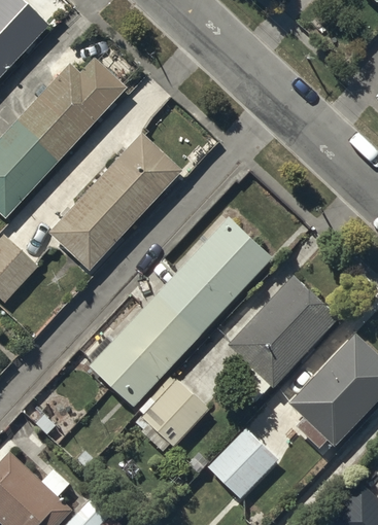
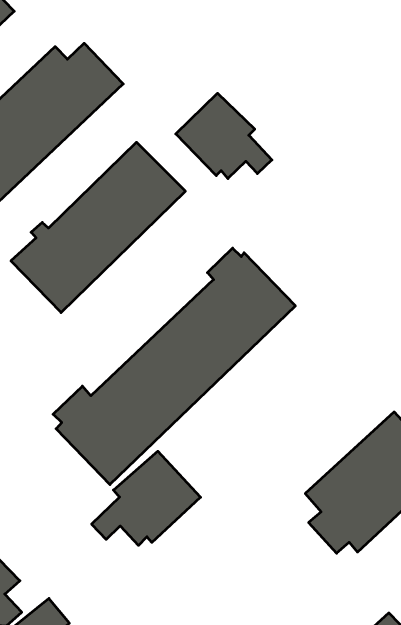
building: none -> [176,93,272,179]
building: [228,277,339,404] -> none
building: [208,427,279,498] -> none

